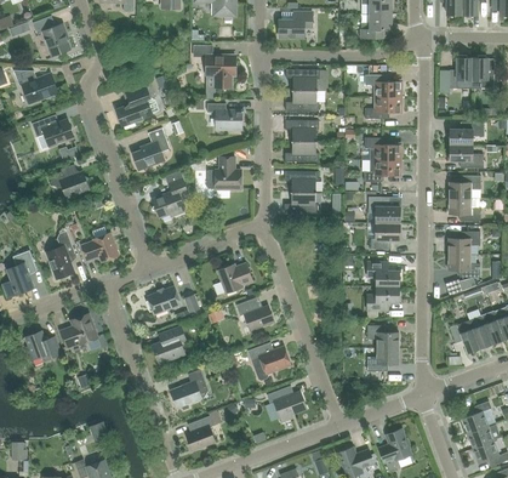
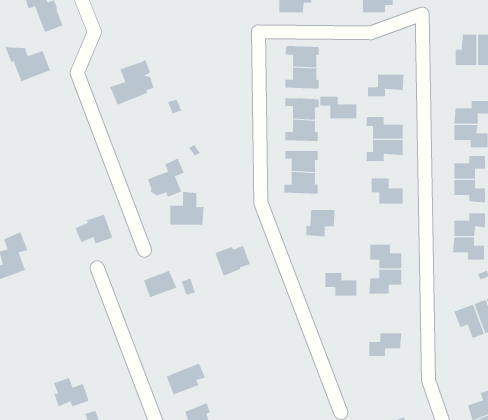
building: [194,45,235,86] -> none
building: [365,74,401,96] -> [320,96,357,119]
building: [207,103,241,127] -> none
building: [32,118,74,146] -> none
building: [132,127,170,170] -> none
building: [207,155,241,188] -> [170,192,205,225]
building: [50,164,90,197] -> none
building: [371,222,400,249] -> [306,209,336,237]
building: [46,229,75,278] -> none
building: [235,296,274,330] -> none
building: [61,313,97,346] -> none
building: [367,324,399,347] -> [325,272,357,296]
building: [152,325,185,363] -> none
building: [25,330,61,359] -> [53,377,90,407]
building: [249,345,290,379] -> none
building: [267,385,307,421] -> none

